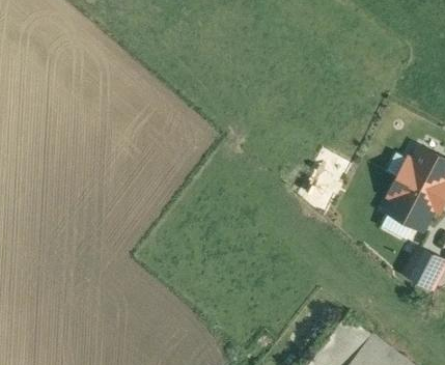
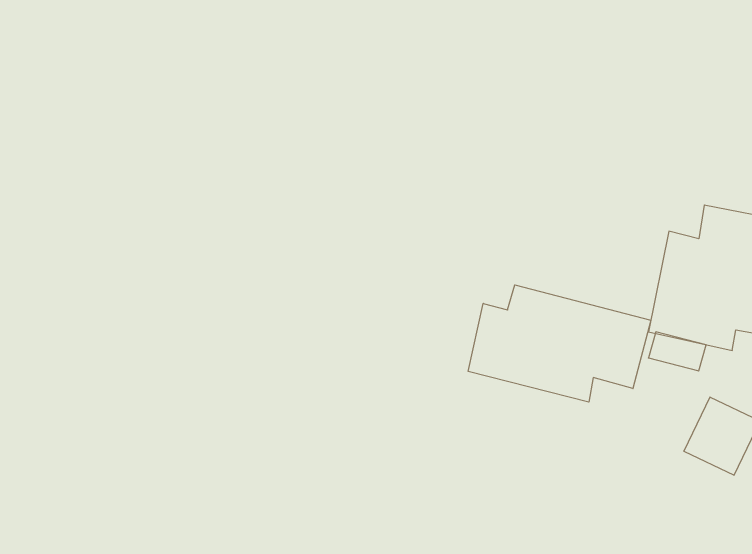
building: none -> [468,285,651,402]

